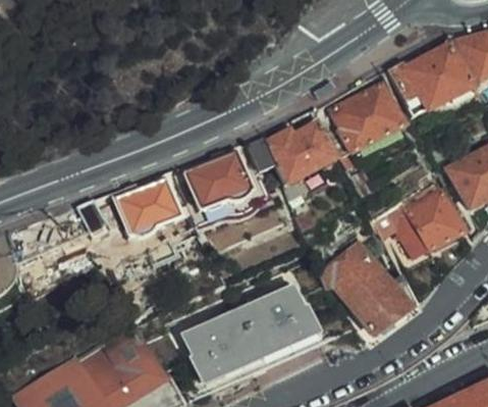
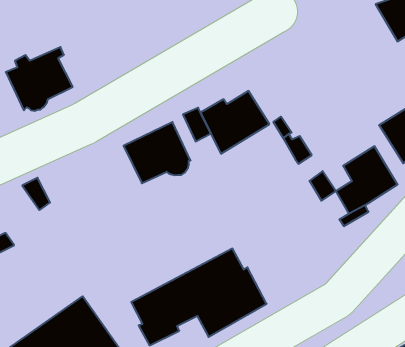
building: [387,45,470,115] -> none
building: [332,82,403,149] -> none
building: [113,175,181,240] -> [6,47,73,111]
building: [320,239,412,341] -> none

